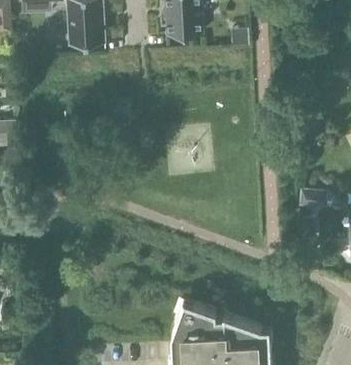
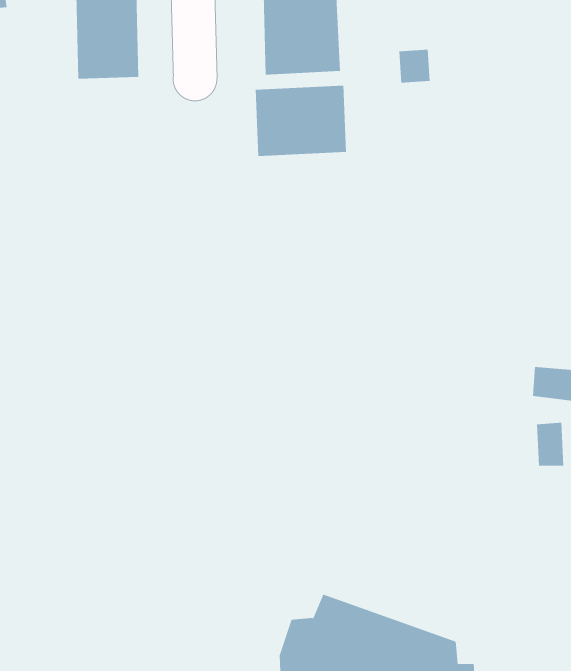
building: none -> [255,85,346,157]

